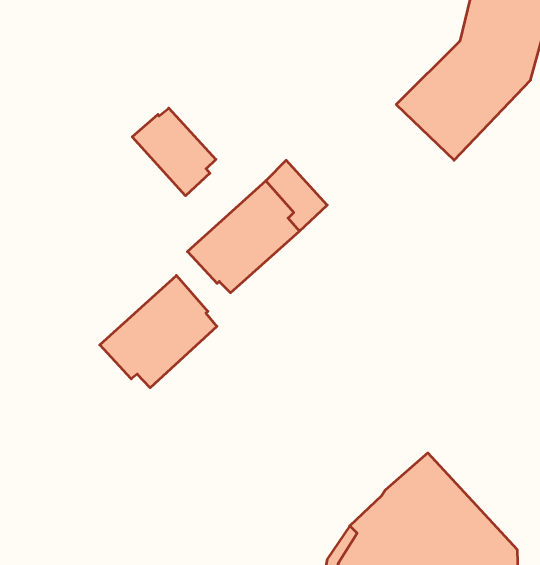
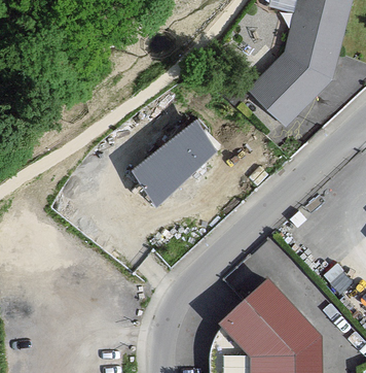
building: [132,108,216,196] -> none
building: [100,275,217,388] -> none

